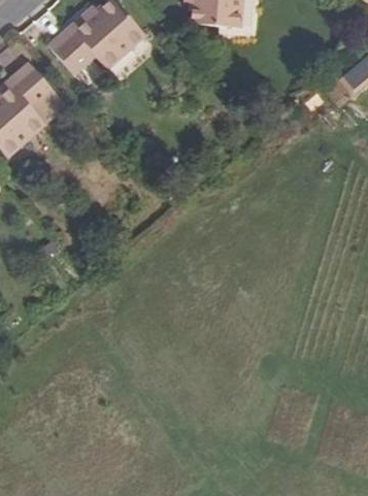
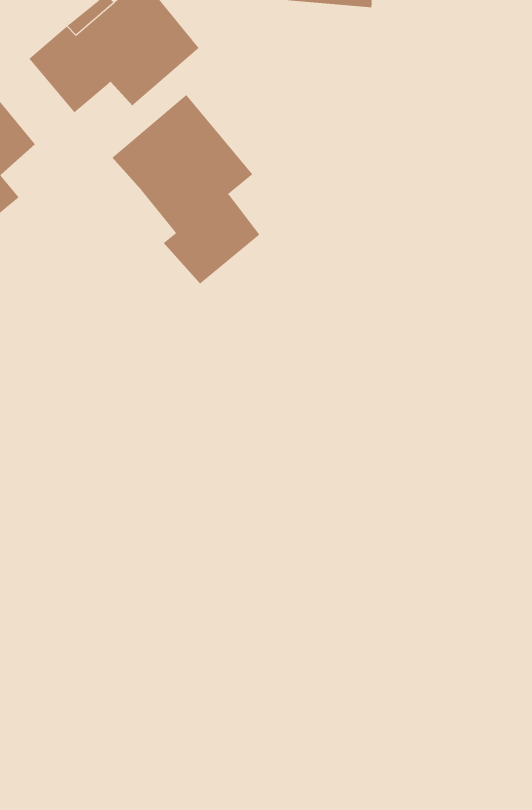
building: none -> [111,94,260,285]

